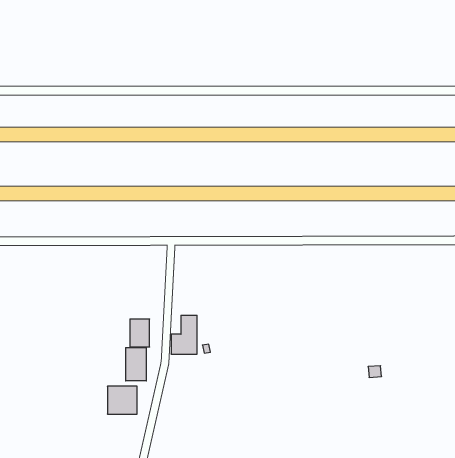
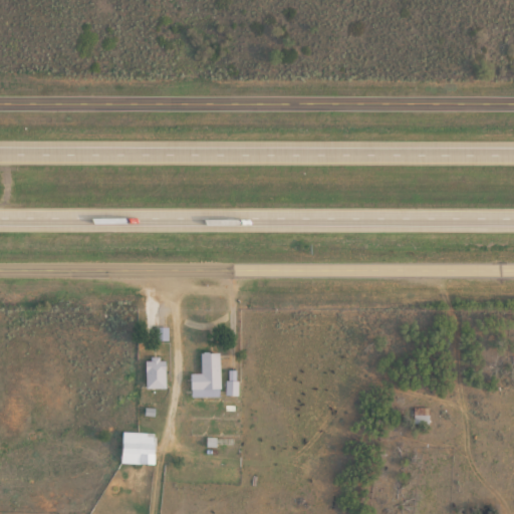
building: [126,348,146,381] -> none

